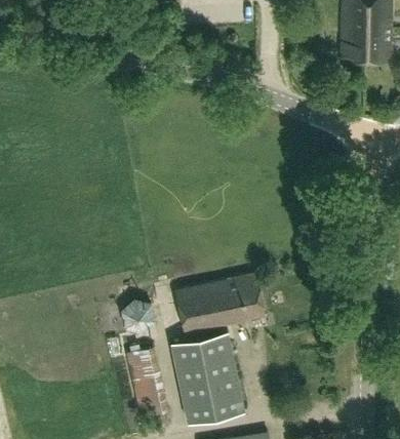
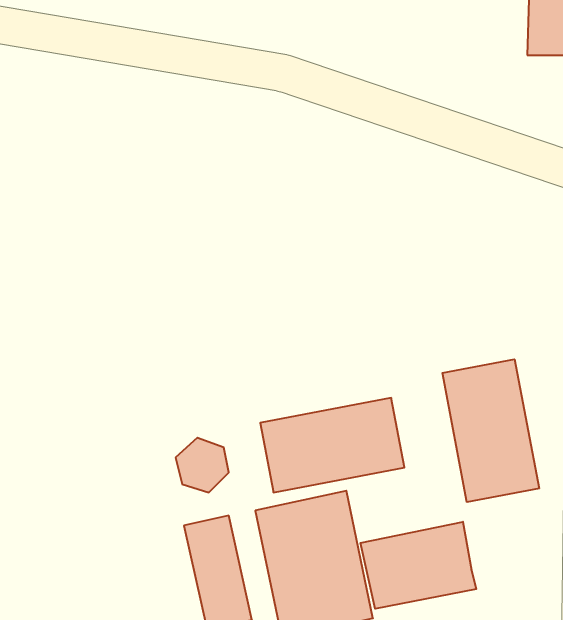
building: none -> [442,359,539,502]
building: none -> [360,522,476,609]

